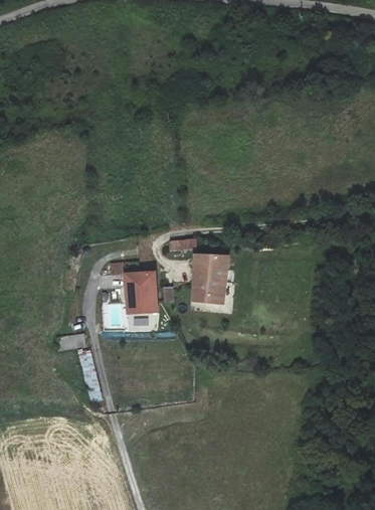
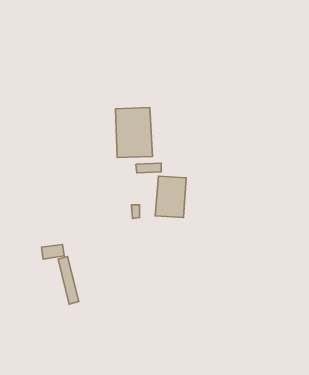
building: none -> [115,108,153,158]
building: [126,271,157,313] -> none

